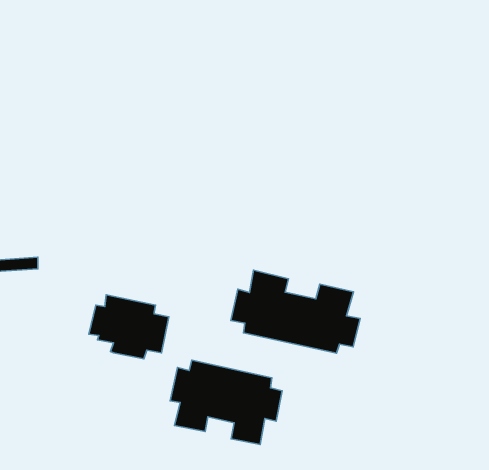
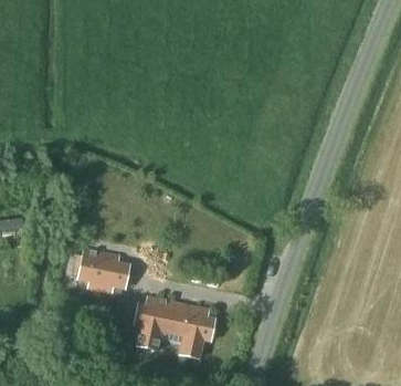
building: [231,270,360,353] -> none

